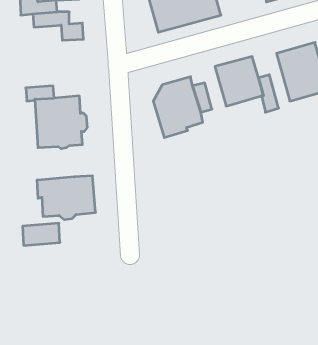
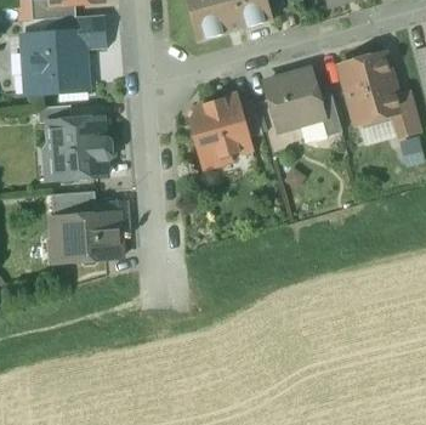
building: none -> [29,32,87,92]
building: [23,223,60,245] -> [51,191,96,217]

